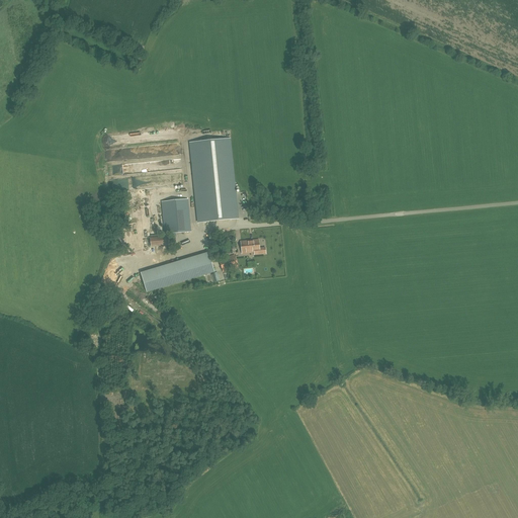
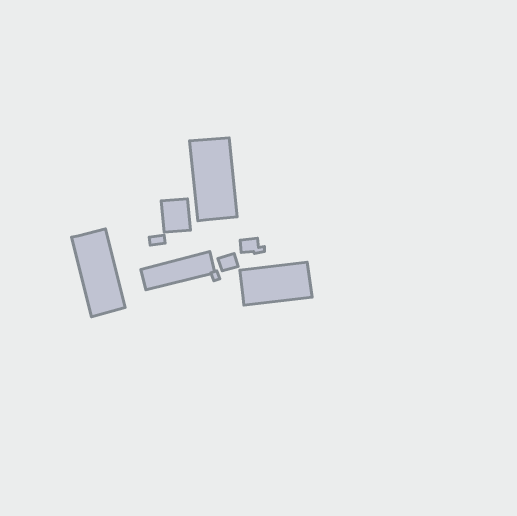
building: none -> [72,229,125,317]
building: none -> [240,262,312,305]

